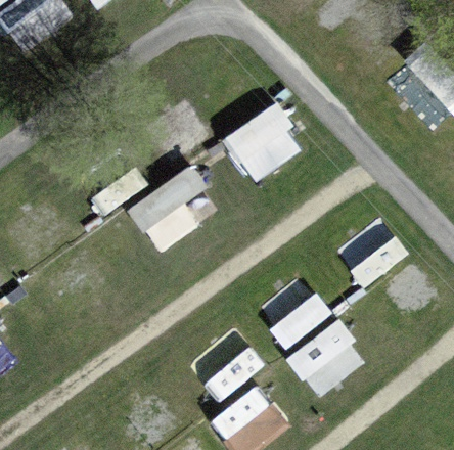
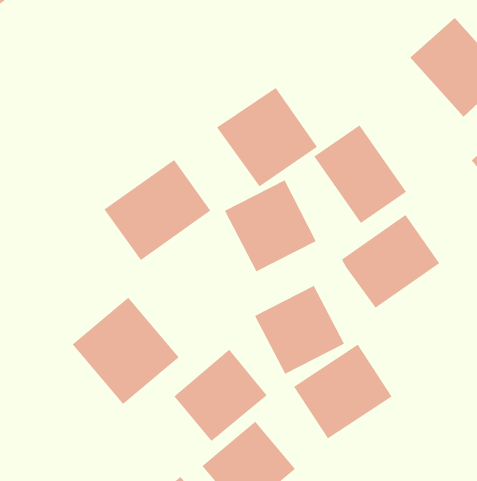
building: none -> [313,124,407,224]
building: none -> [224,180,317,272]
building: none -> [72,297,180,405]

